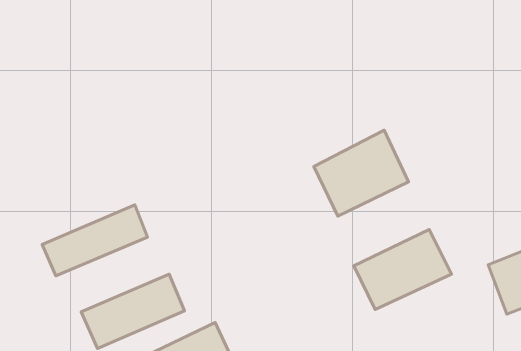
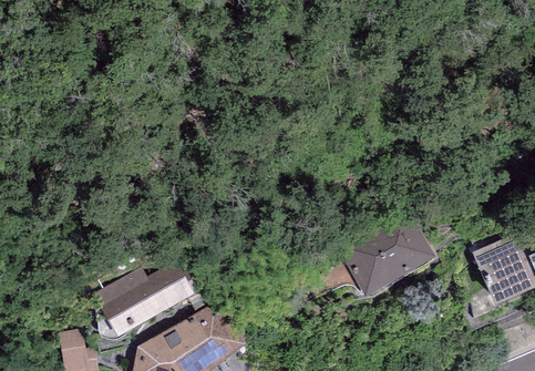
building: [314,130,408,216] -> none
building: [42,205,148,276] -> none

